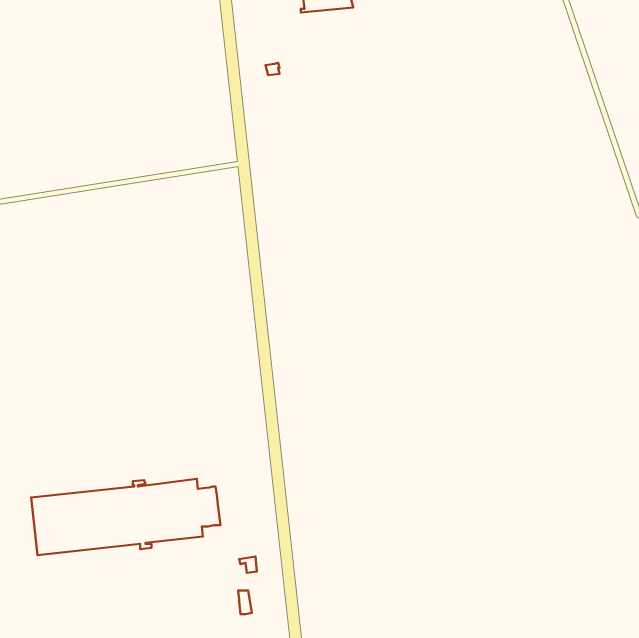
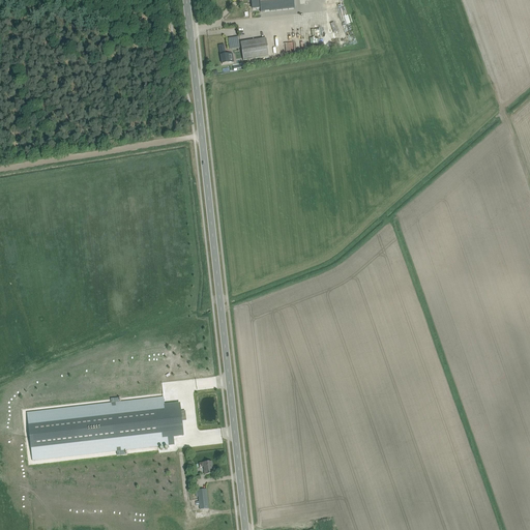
building: none -> [239,36,268,59]

